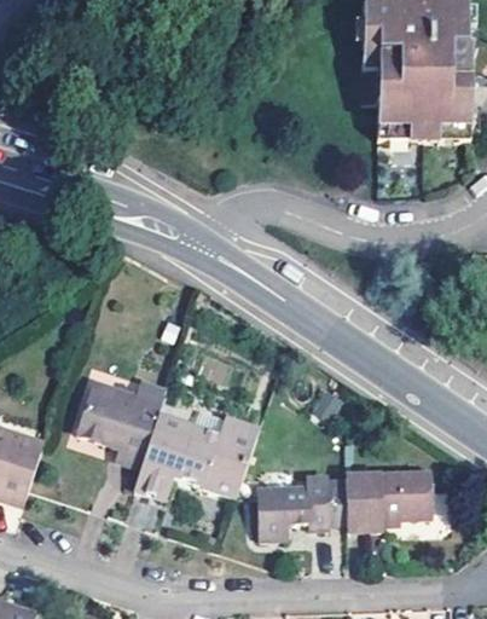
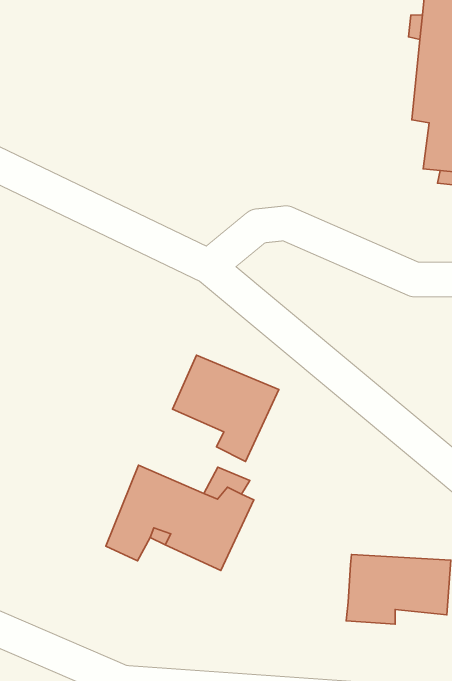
building: [77,377,164,462] -> [172,355,279,461]
building: [265,474,348,537] -> none

